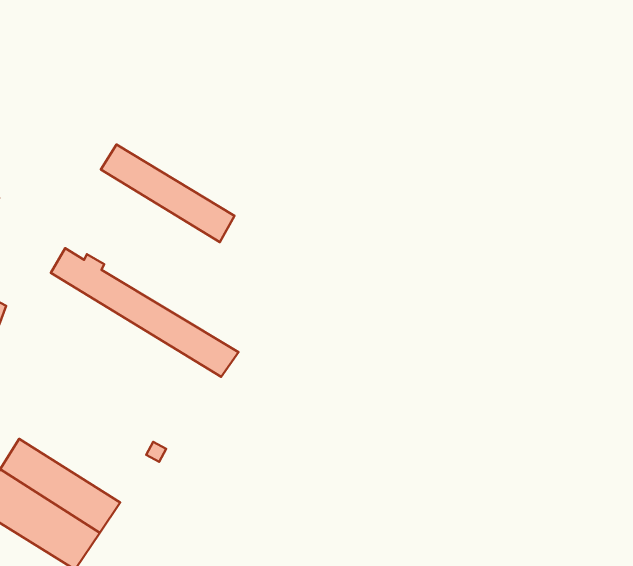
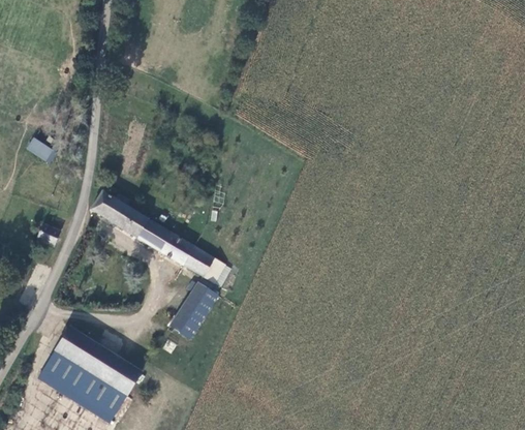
building: [101,145,234,242] -> none
building: none -> [169,283,217,337]

